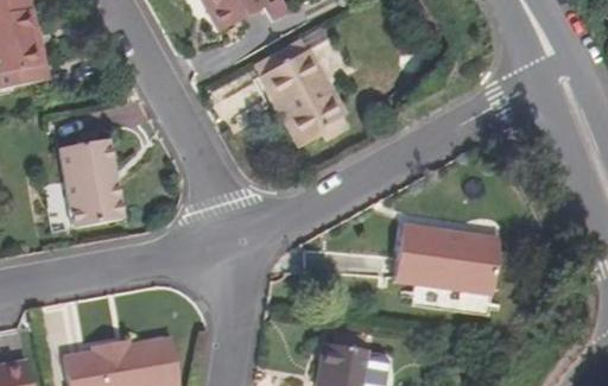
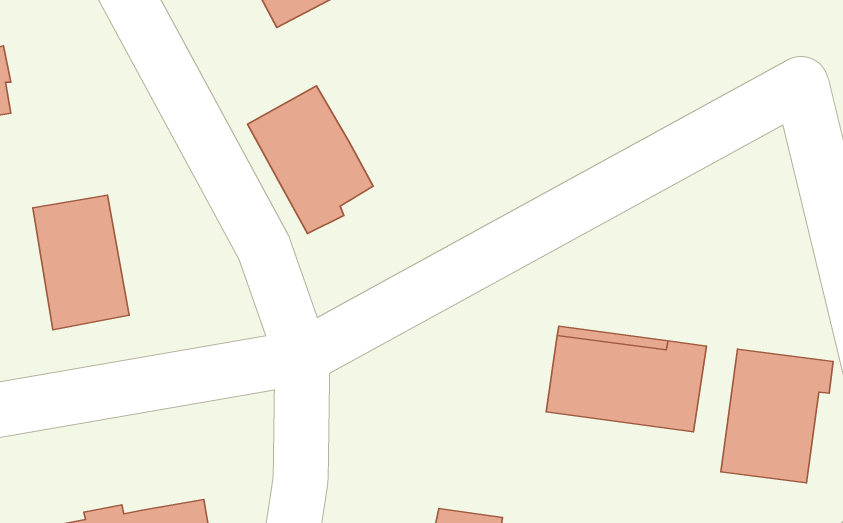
building: [260,49,342,145] -> [247,86,373,234]
building: none -> [721,349,833,483]

